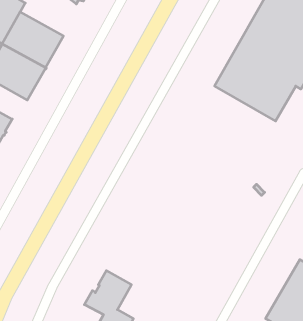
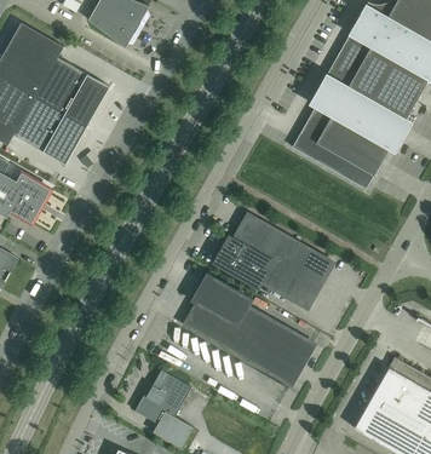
building: none -> [214,214,333,308]
building: none -> [185,275,314,384]

